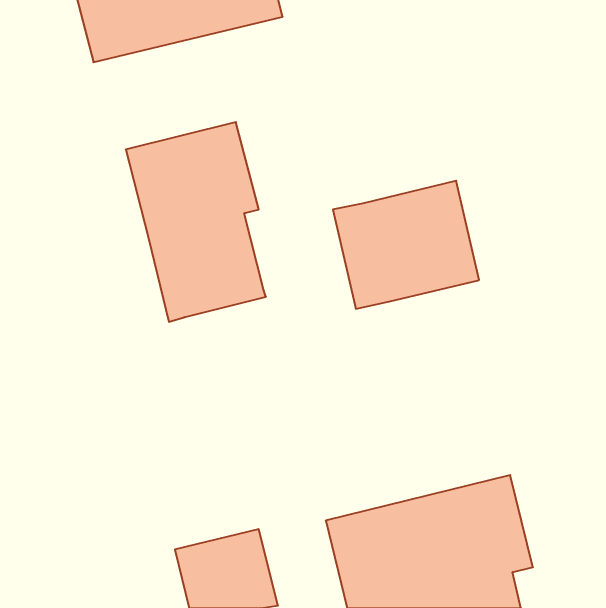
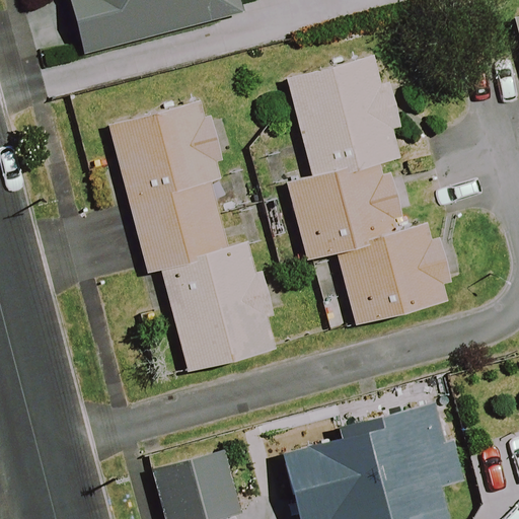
building: none -> [290,60,402,172]
building: none -> [319,233,451,336]
building: none -> [161,245,279,372]

